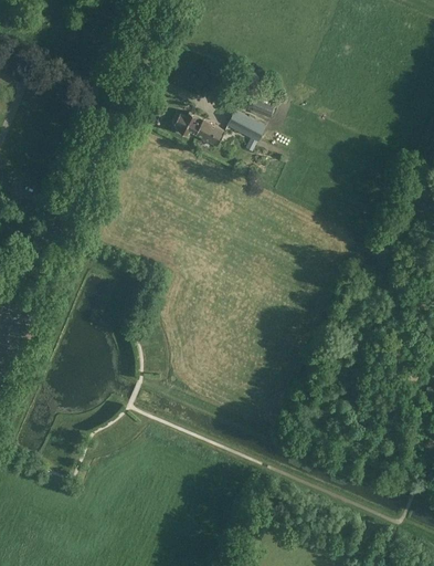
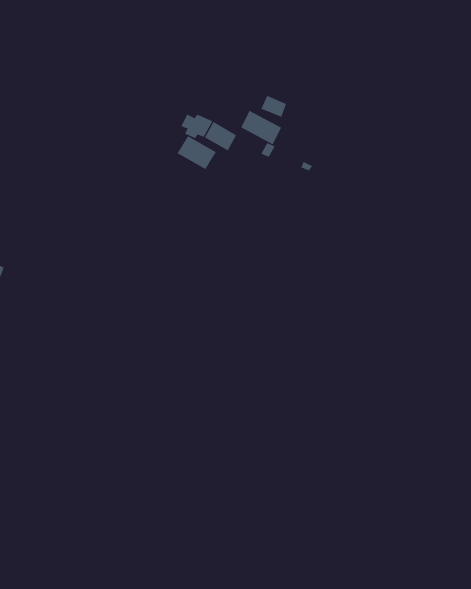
building: none -> [177,135,216,170]

